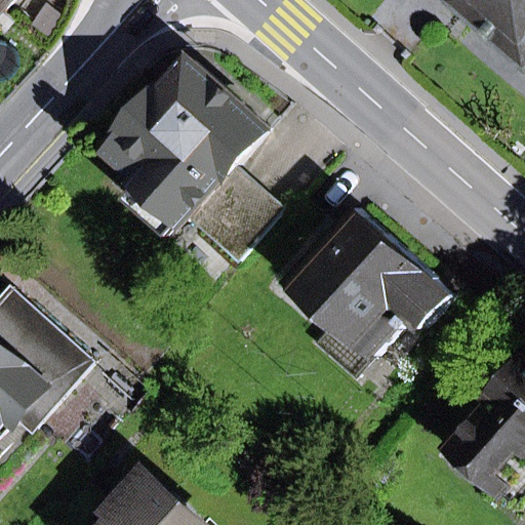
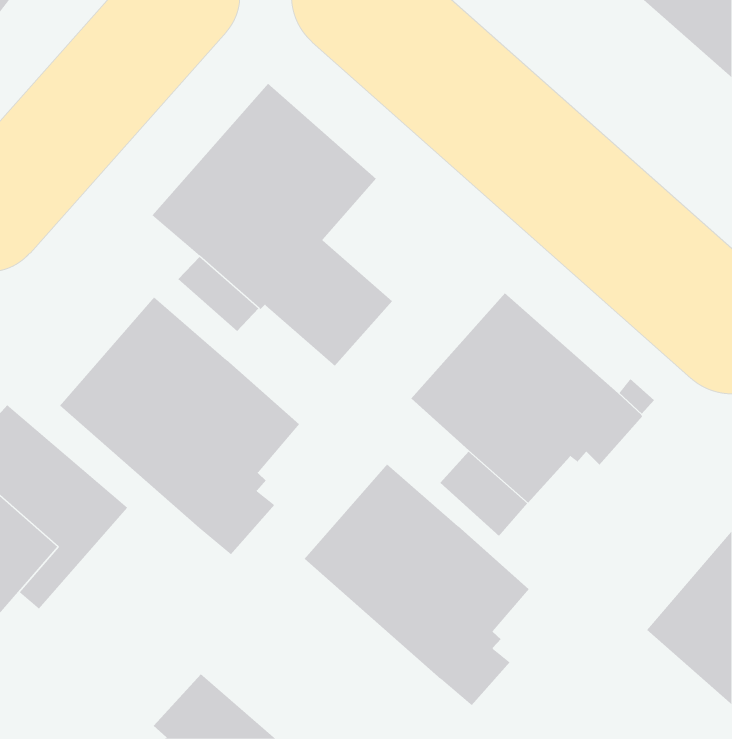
building: none -> [59,297,300,555]
building: none -> [304,464,530,706]

